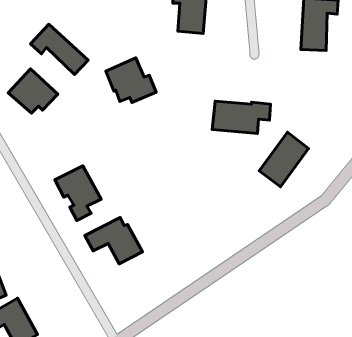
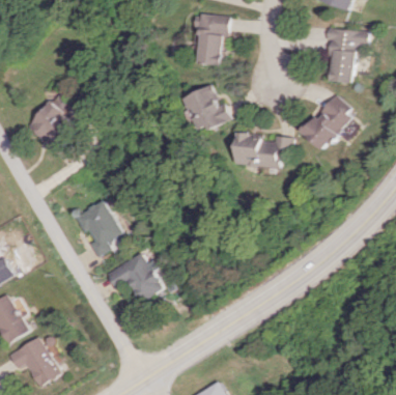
building: [31,24,88,74] -> none
building: [106,58,156,102] -> [181,84,233,130]
building: [259,132,309,187] -> [303,93,353,149]

